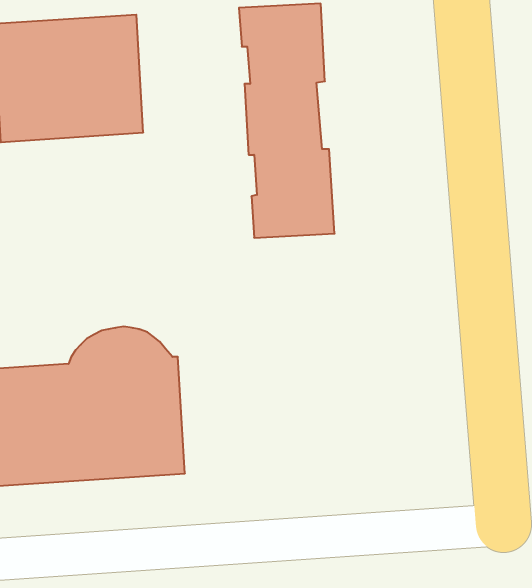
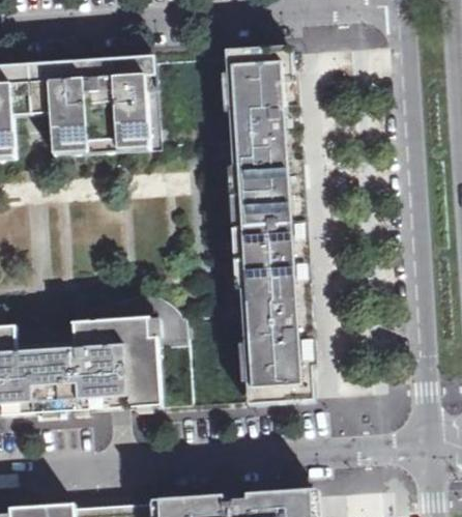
building: none -> [233,225,305,401]

